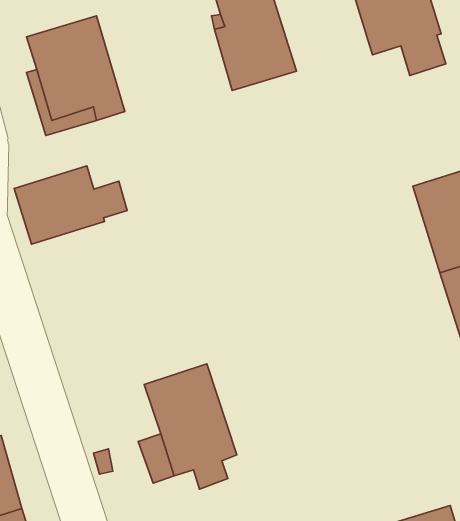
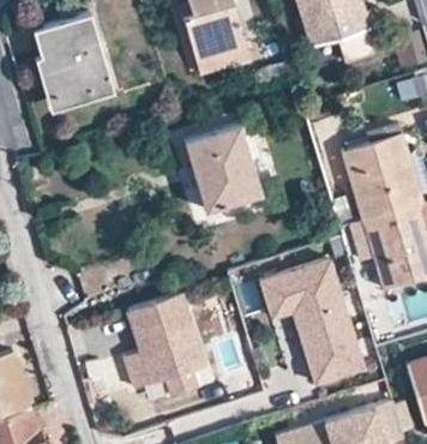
building: none -> [184,122,259,209]
building: [14,166,127,244] -> none
building: none -> [261,258,363,383]

